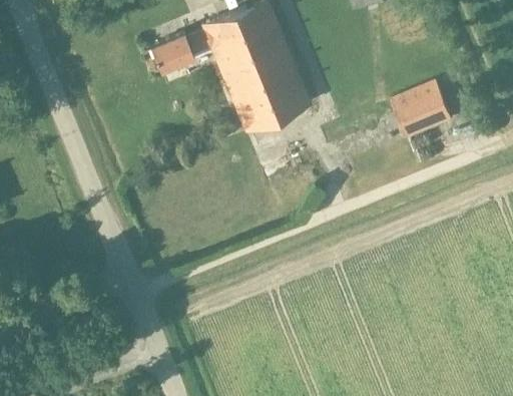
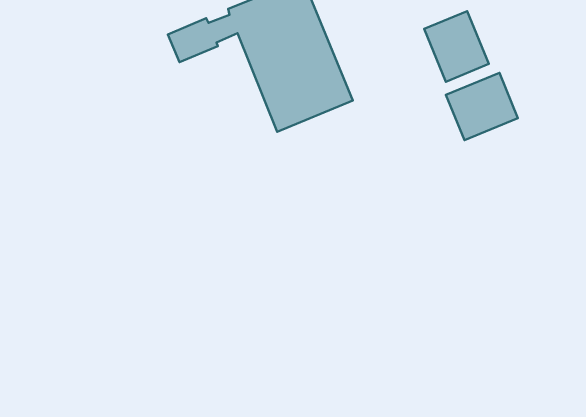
building: none -> [424,11,489,82]

